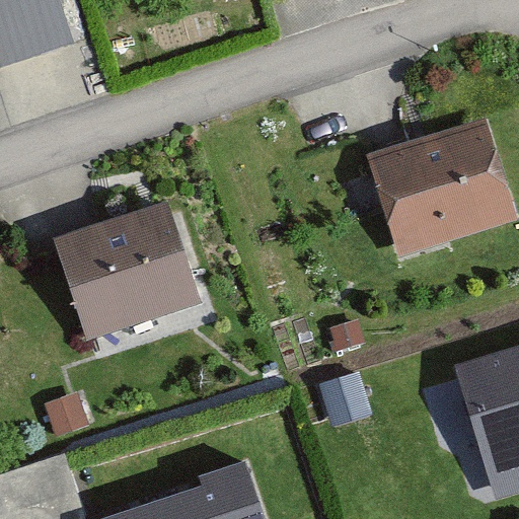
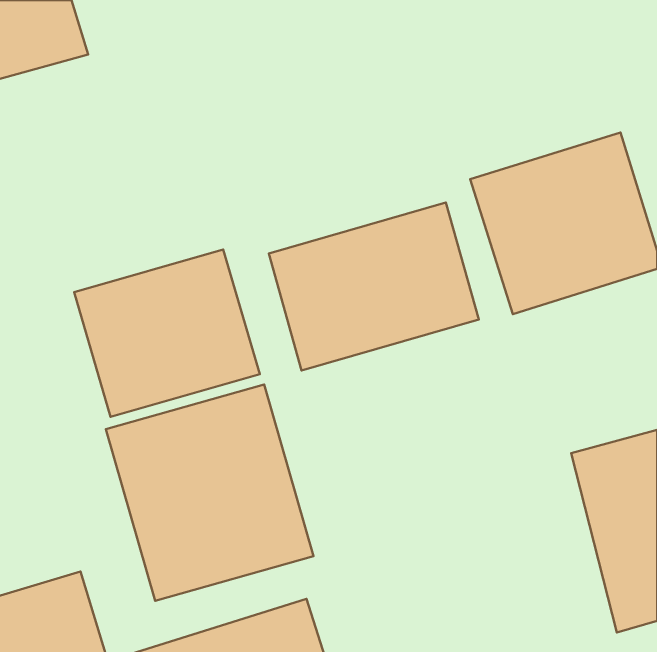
building: none -> [269,203,479,370]
building: none -> [106,384,314,601]

